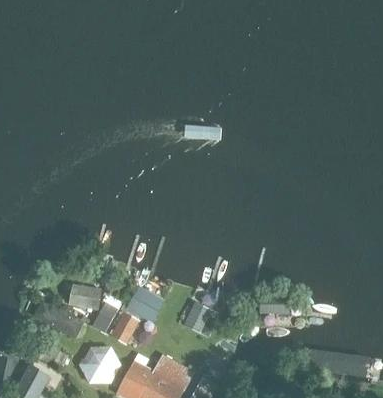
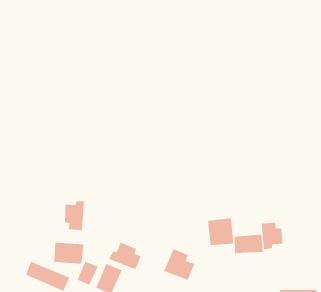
building: none -> [64,200,84,231]
building: none -> [208,217,234,246]
building: none -> [261,222,283,250]

